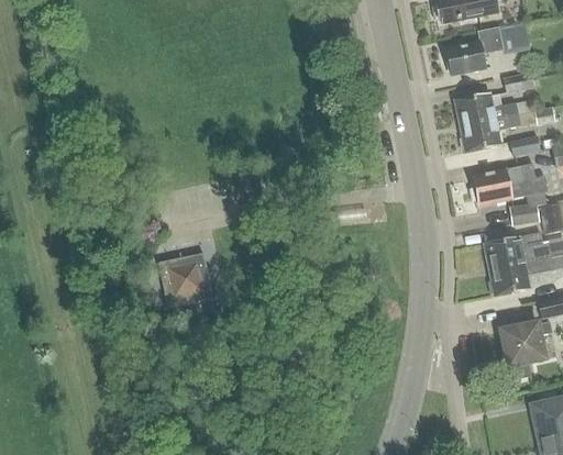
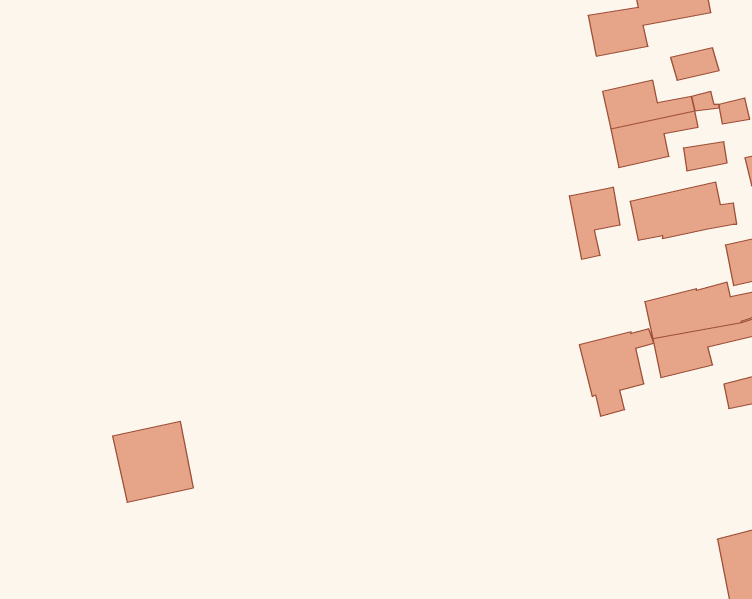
building: none -> [569,187,620,259]
building: [510,190,545,224] -> none
building: [158,252,213,307] -> [113,421,193,502]
building: [501,319,552,378] -> [579,329,654,416]

